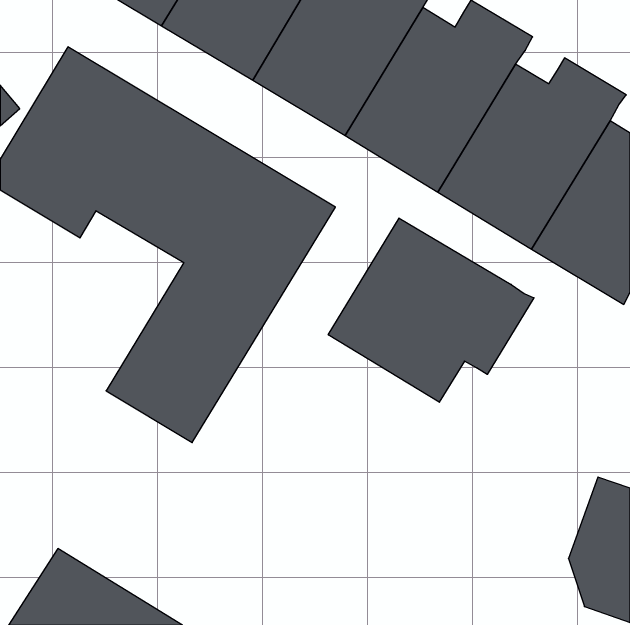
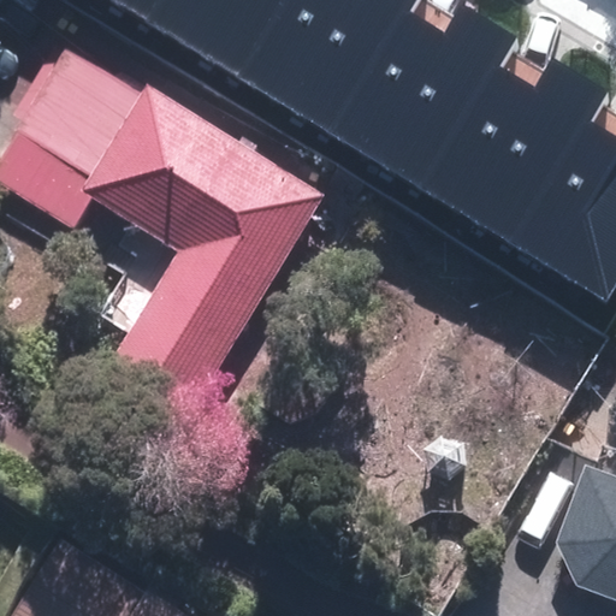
building: [328,218,534,402] -> none

